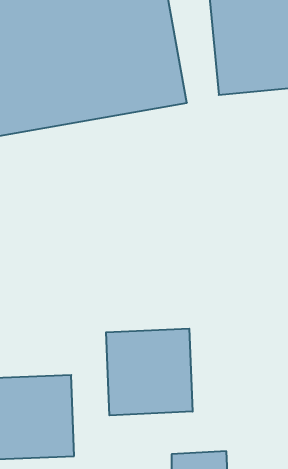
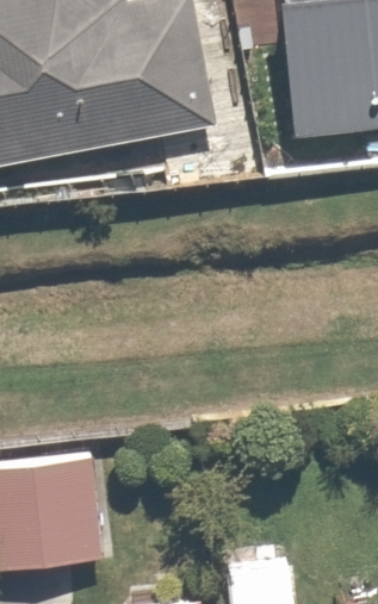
building: [106,329,193,415] -> none

